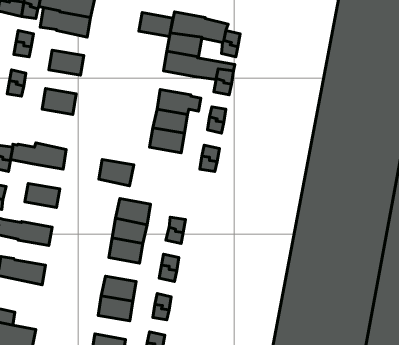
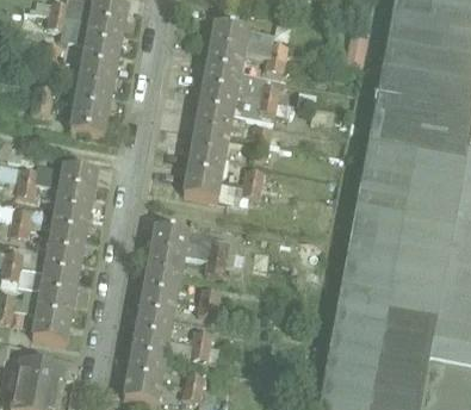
building: [139,13,173,37] -> [199,87,236,113]
building: none -> [81,43,119,70]
building: none -> [74,86,112,112]
building: [99,160,134,186] -> [184,170,222,199]
building: none -> [55,188,93,216]
building: none -> [48,230,86,257]
building: none -> [39,272,78,299]
building: none -> [140,291,176,317]
building: none -> [32,313,70,342]
building: none -> [128,354,166,380]

